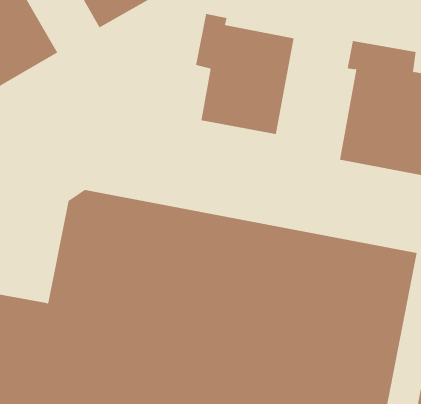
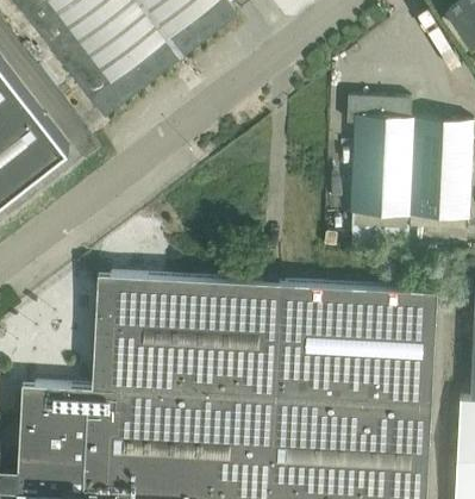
building: [195,13,294,135] -> none

